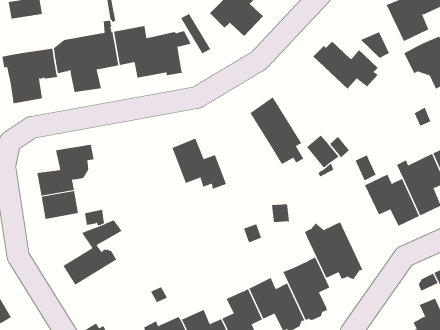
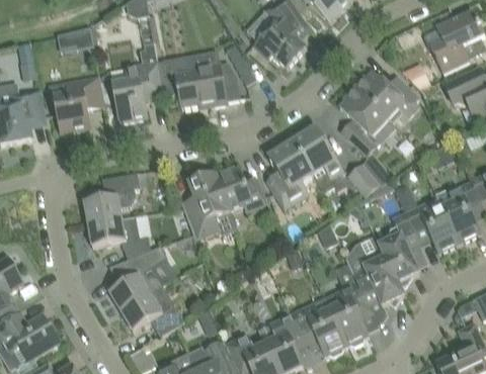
building: none -> [339,87,388,156]
building: none -> [267,143,312,209]
building: none -> [182,172,229,240]
building: none -> [379,213,418,296]
building: none -> [120,286,184,337]

